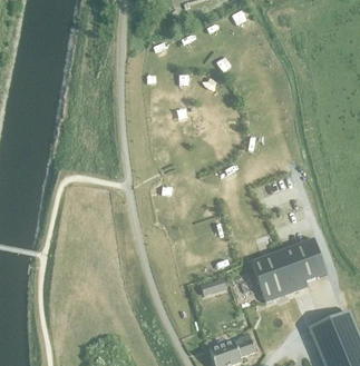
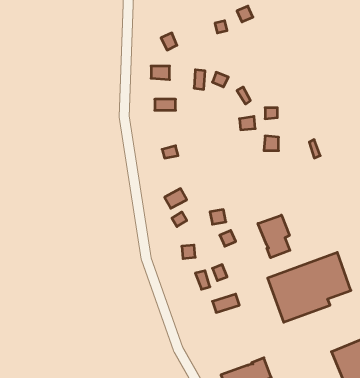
building: none -> [258,215,290,258]

